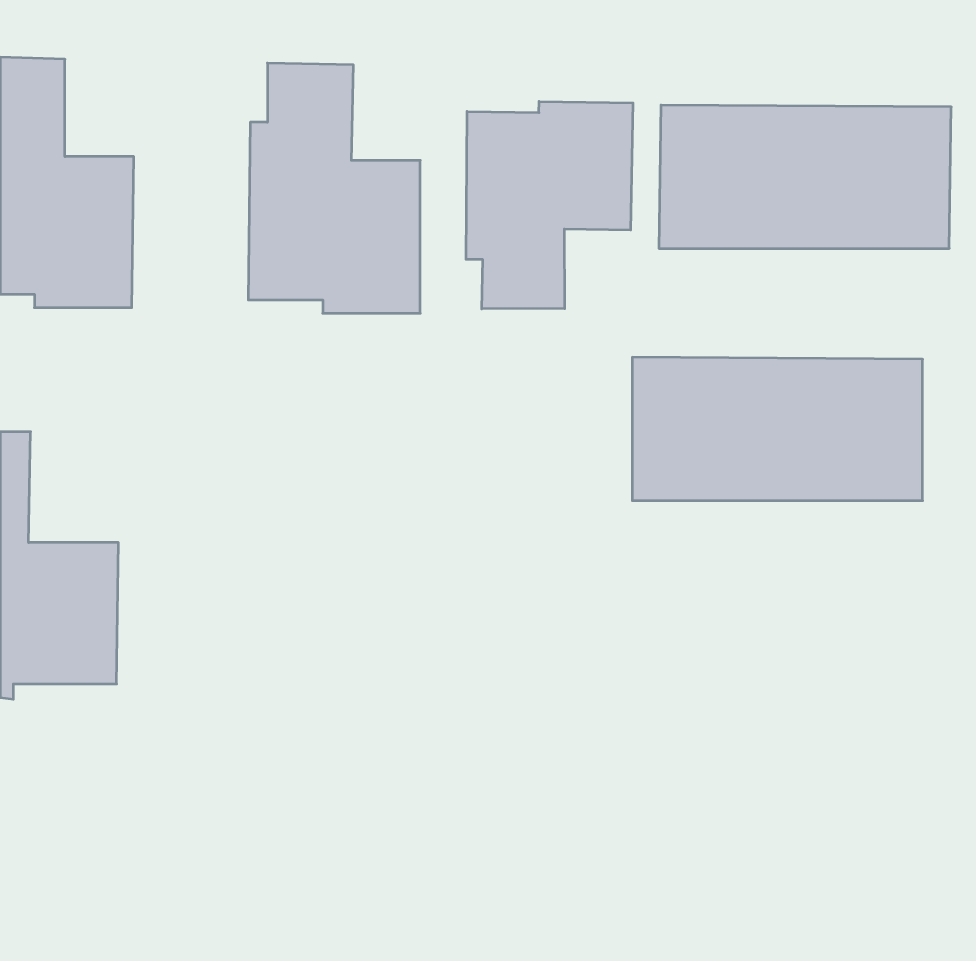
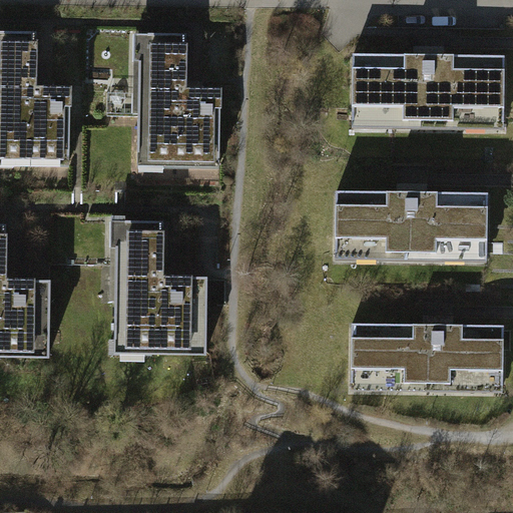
building: [466,101,633,309] -> none
building: none -> [103,218,207,357]
building: none -> [353,321,505,388]

